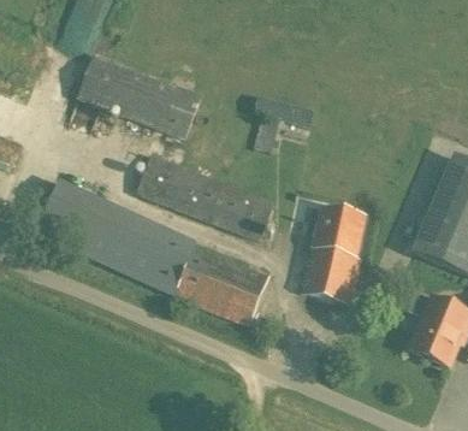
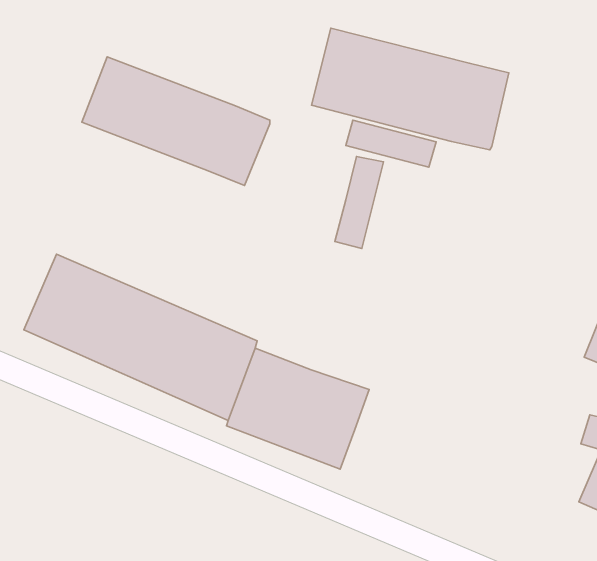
building: none -> [312,28,509,150]
building: [136,153,276,240] -> none
building: [302,206,366,302] -> none

